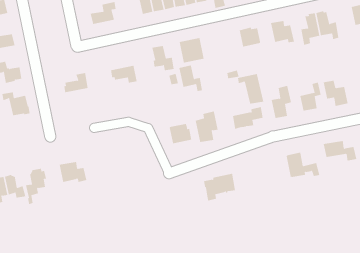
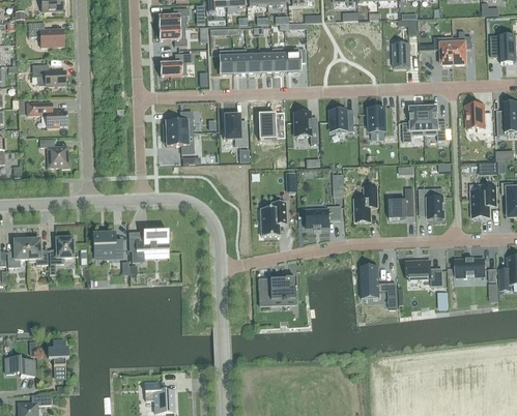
building: [179,65,203,91] -> [293,111,317,143]
building: [63,73,88,93] -> [171,113,200,132]
building: [169,123,192,144] -> none
building: none -> [131,230,168,262]

